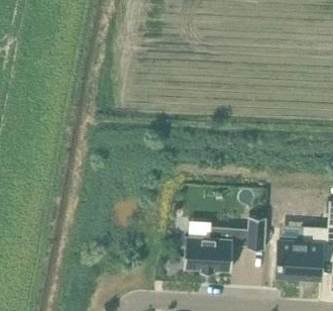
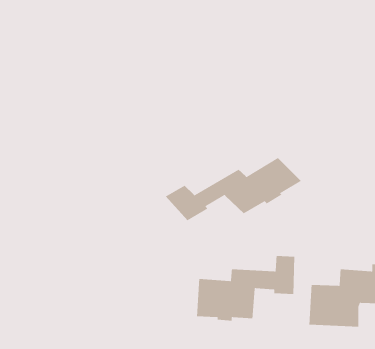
building: none -> [165,157,302,221]

